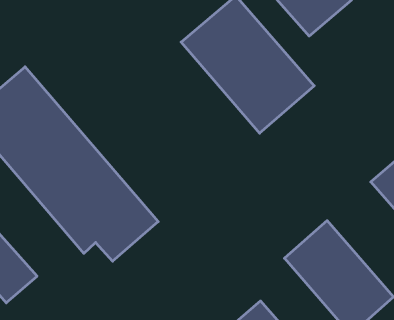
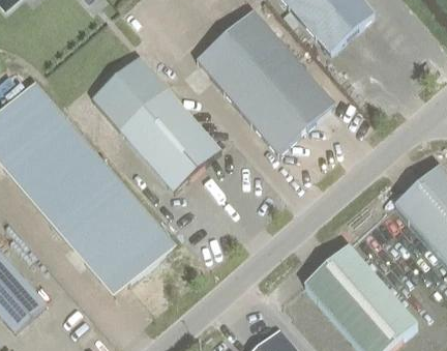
building: none -> [91,55,220,191]

